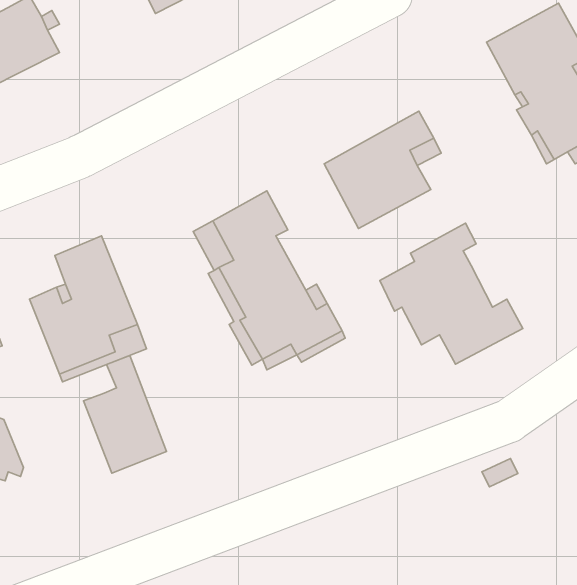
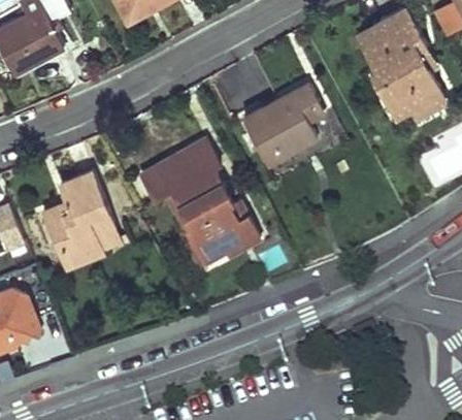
building: [380,223,523,364] -> none
building: [84,356,166,473] -> none

